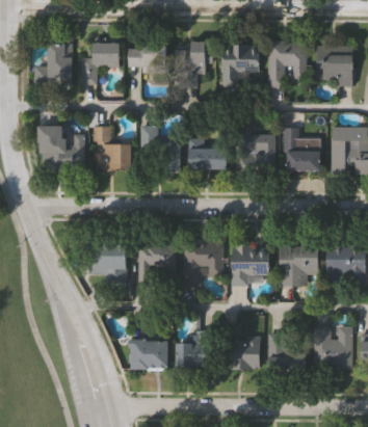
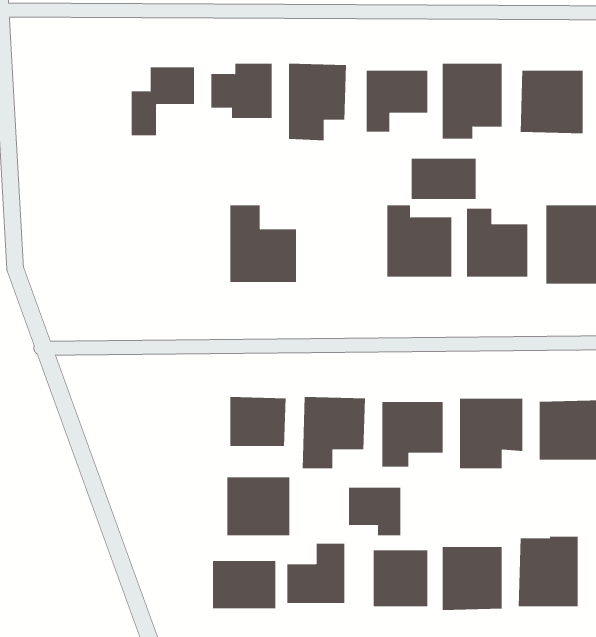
building: [34,44,73,85] -> none
building: [46,125,83,172] -> none
building: [93,127,132,170] -> none
building: [189,145,229,170] -> [411,158,476,199]
building: [88,242,127,277] -> [226,477,290,536]
building: none -> [349,487,401,536]

